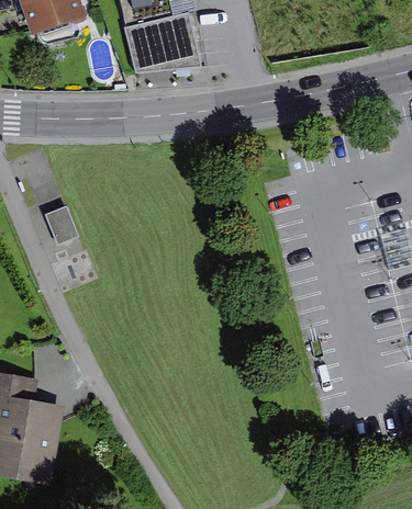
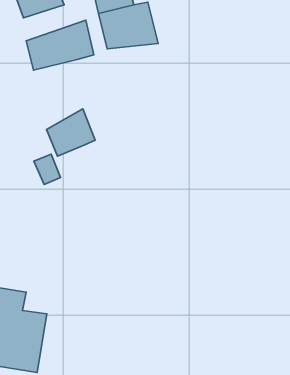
building: none -> [26,20,94,70]
building: none -> [47,109,95,156]

